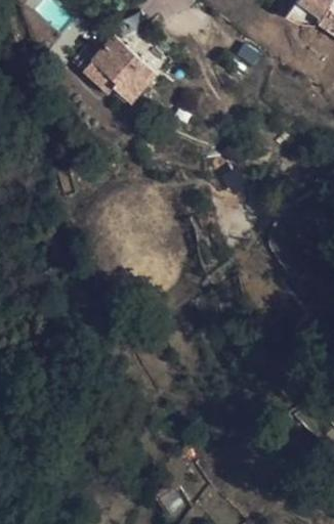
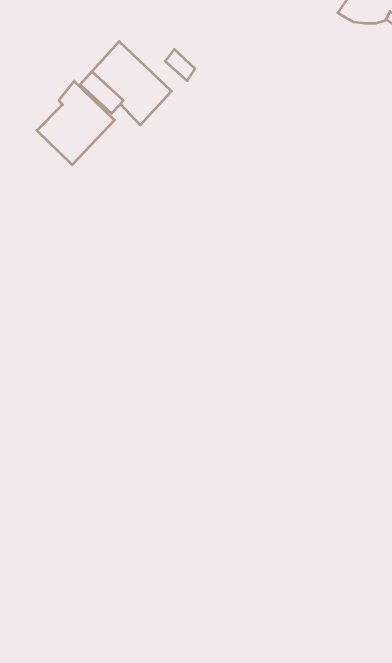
building: none -> [37,81,115,165]

